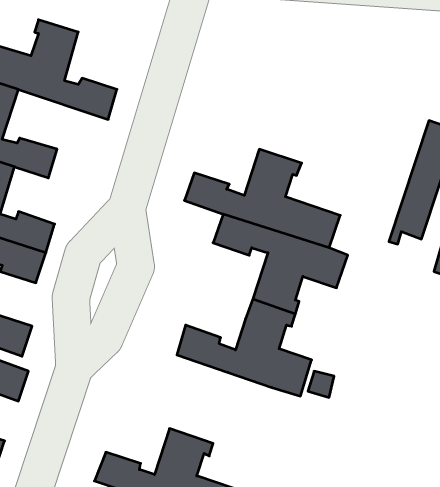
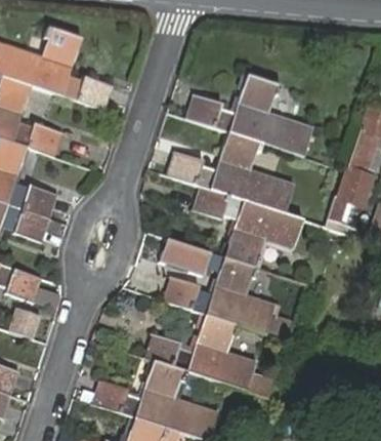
building: none -> [186,73,313,156]
building: none -> [158,236,223,274]
building: none -> [145,315,252,391]

